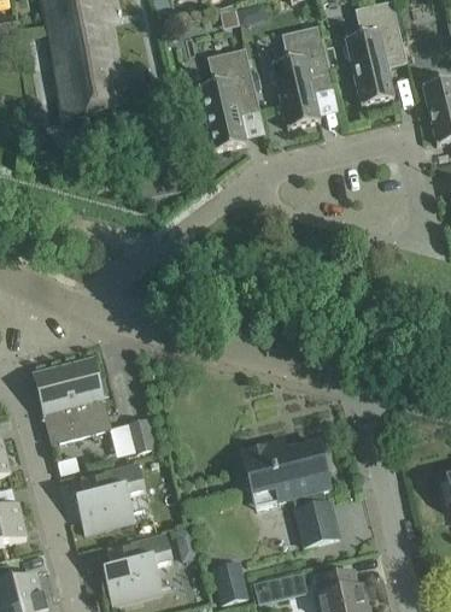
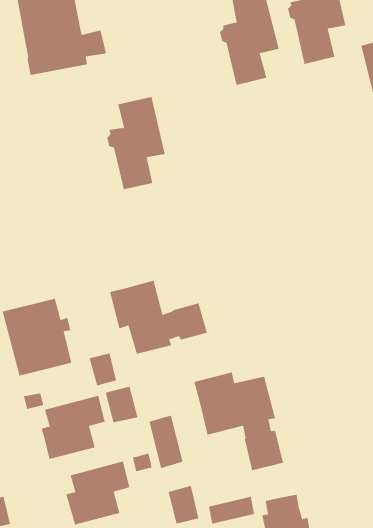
building: [195,49,259,151] -> [106,96,165,190]
building: none -> [109,280,207,355]
building: none -> [105,386,138,423]
building: none -> [149,415,183,469]

